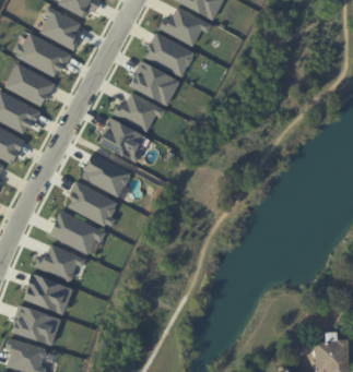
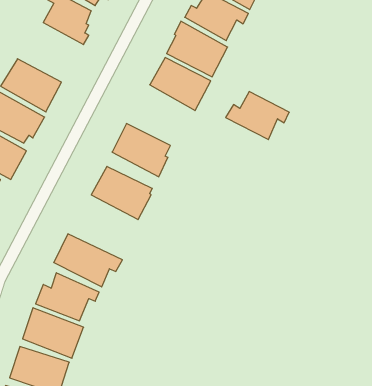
building: [12,33,71,77] -> none
building: [111,93,165,133] -> [226,92,289,140]
building: [67,181,118,227] -> none

